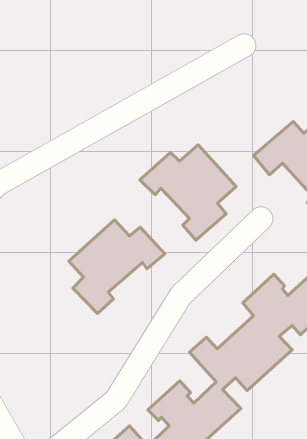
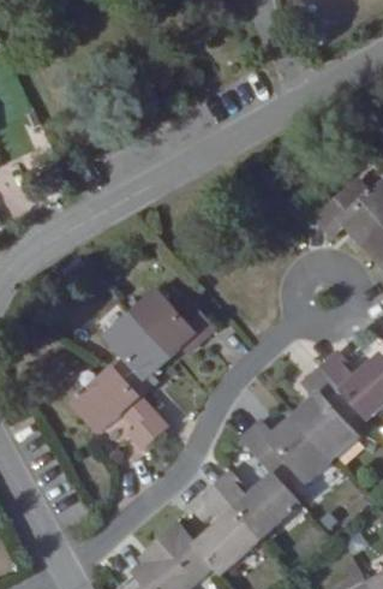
building: [140,145,236,240] -> none
building: none -> [70,365,168,450]

